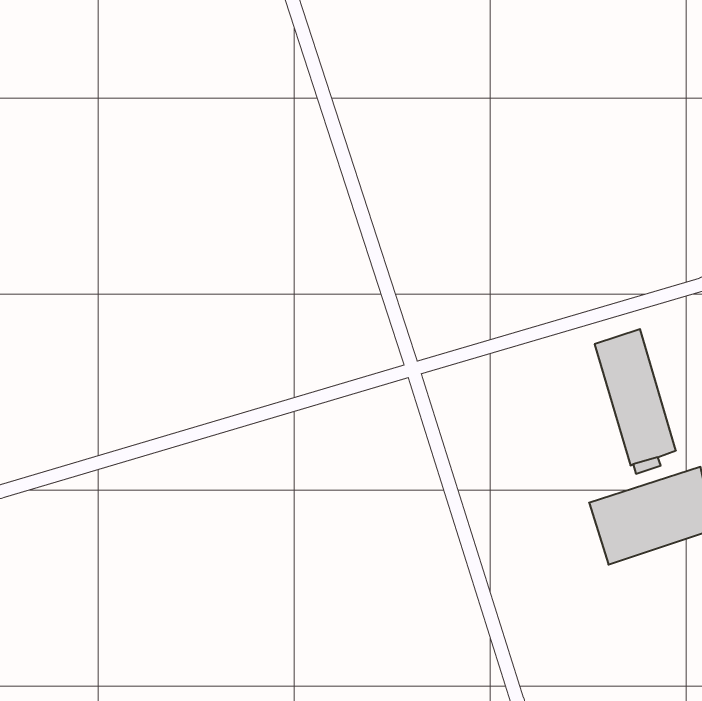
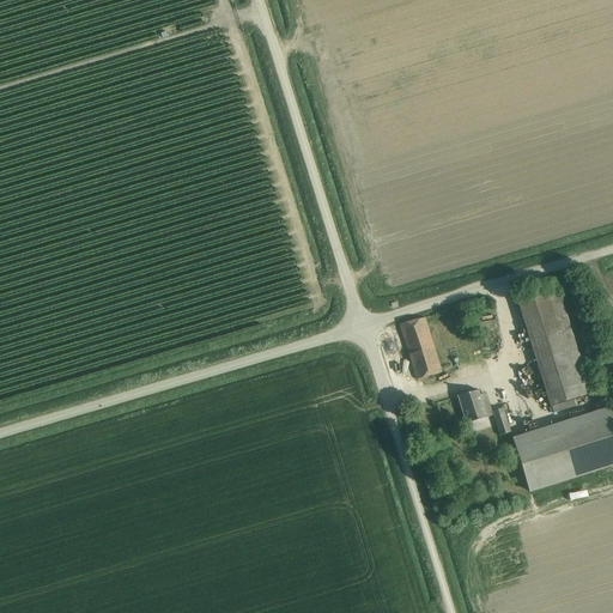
building: none -> [400,315,441,377]
building: none -> [457,388,511,433]

